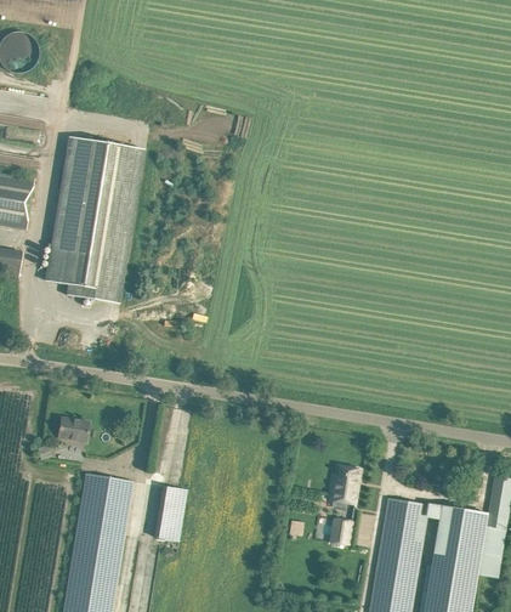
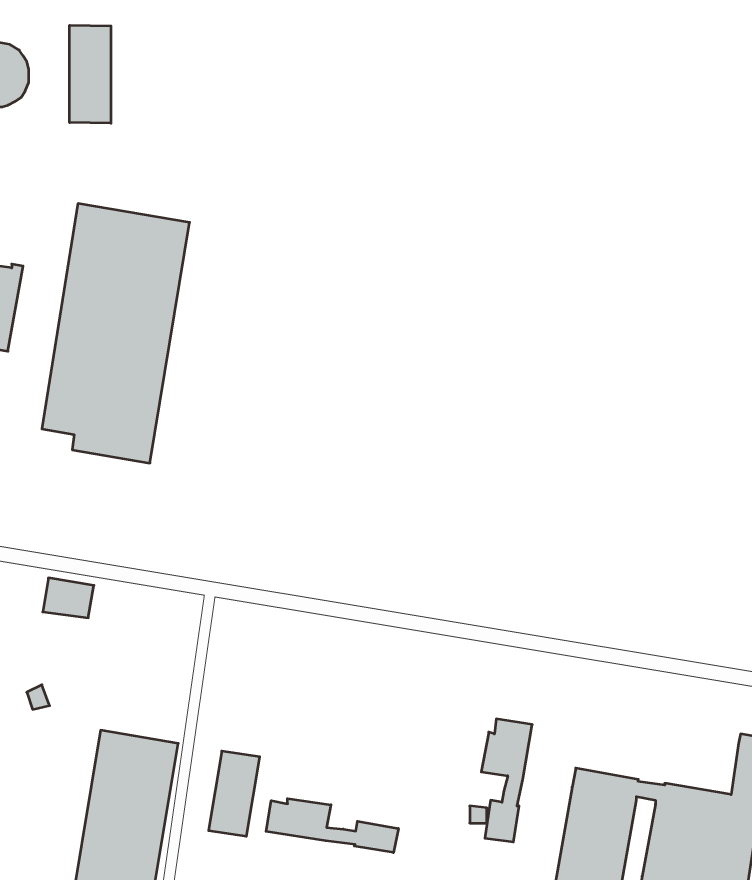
building: none -> [70,25,111,123]
building: [56,418,89,443] -> [43,578,94,618]
building: none -> [266,799,398,853]

